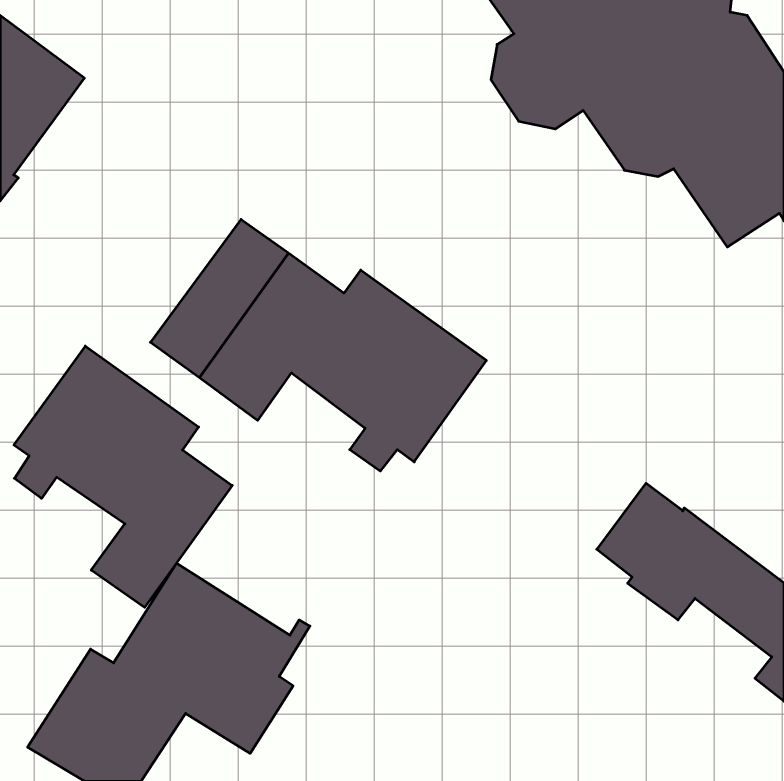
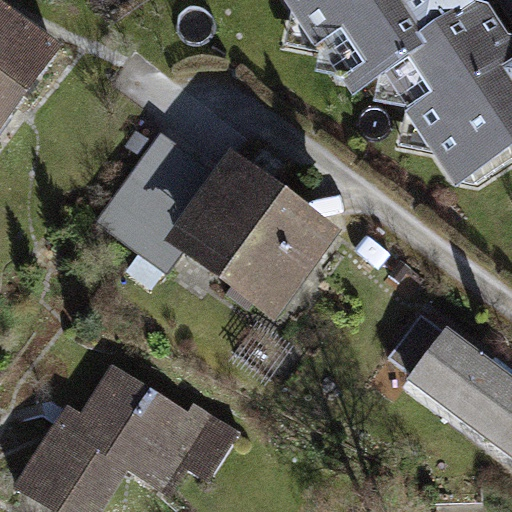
building: [14,346,232,607] -> none

